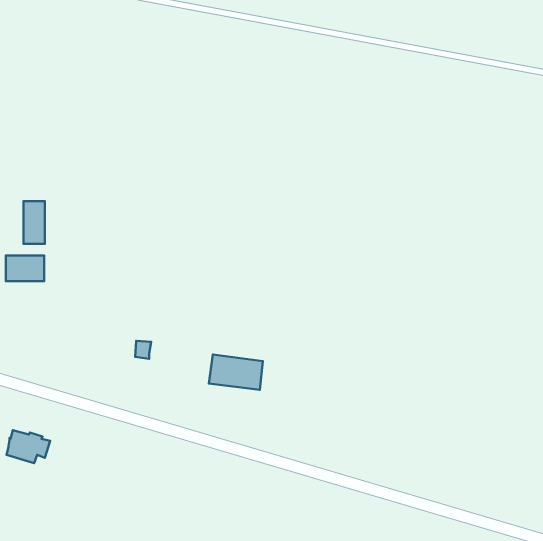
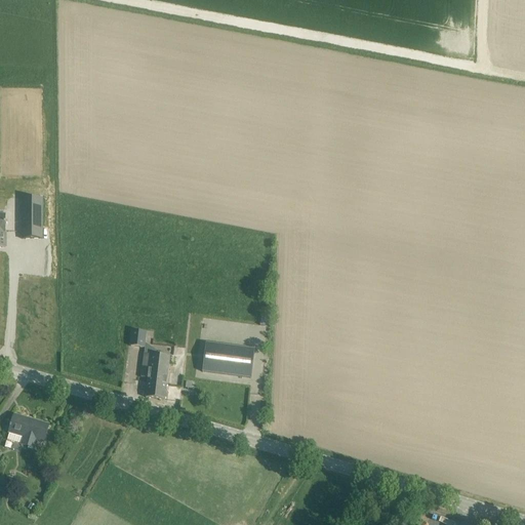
building: [6,256,44,281] -> none
building: none -> [145,352,168,397]

